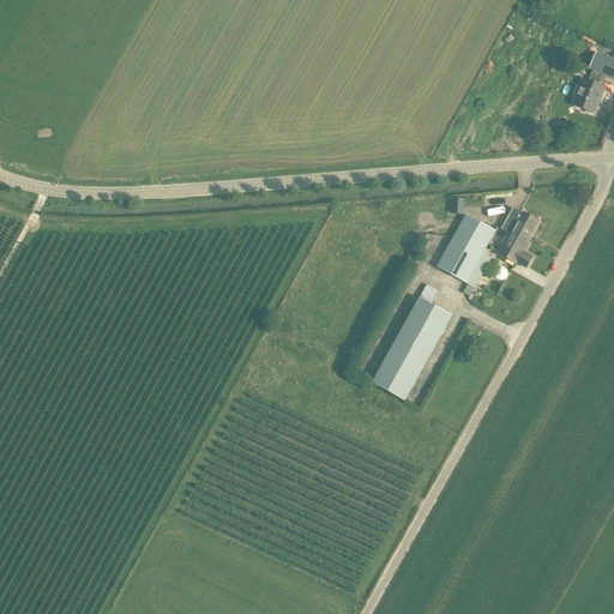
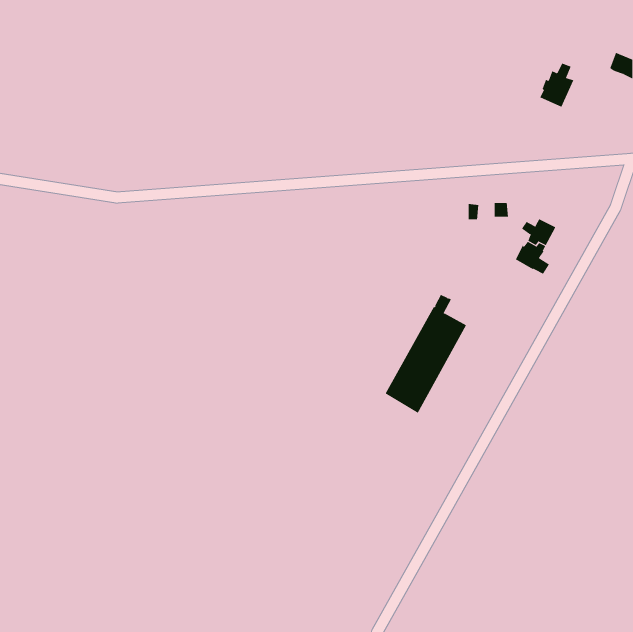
building: [571,68,604,112] -> [539,63,574,108]
building: [437,213,501,285] -> none

